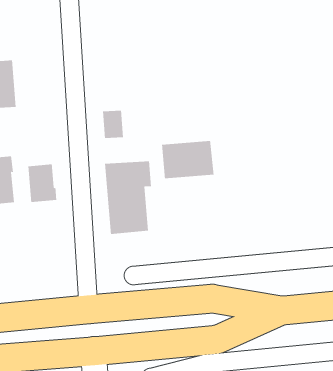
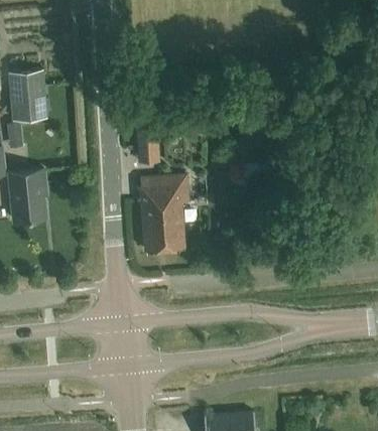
building: [162,140,214,179] -> none
building: [28,163,57,203] -> none

